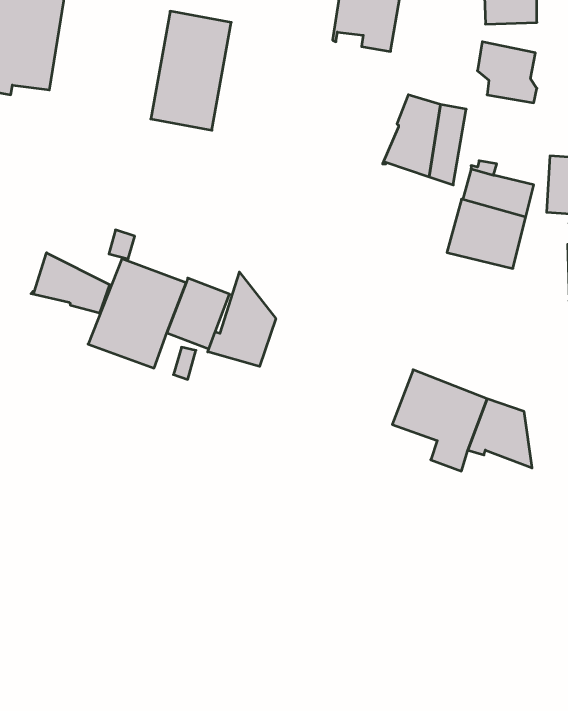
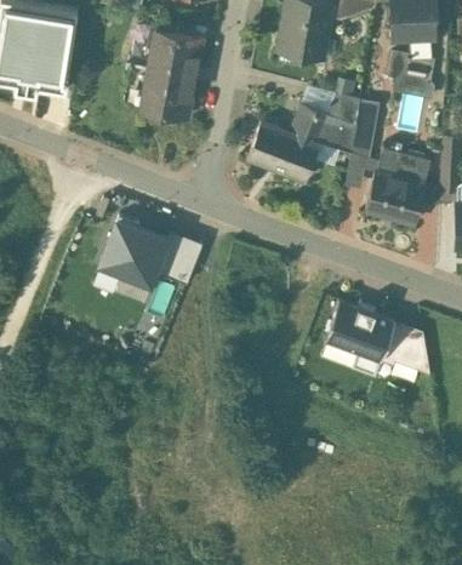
building: none -> [246,104,327,181]
building: [31,253,110,313] -> none
building: [208,272,276,366] -> none

